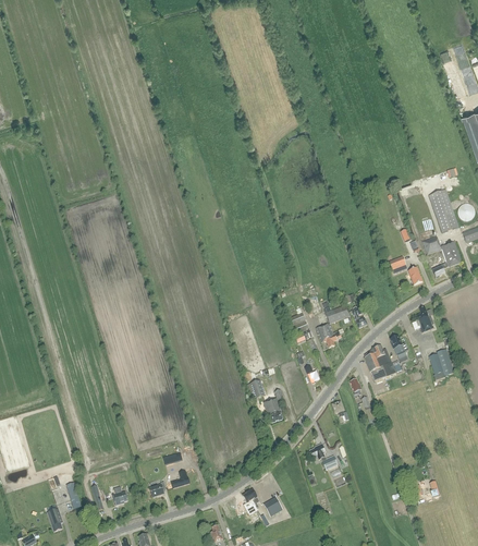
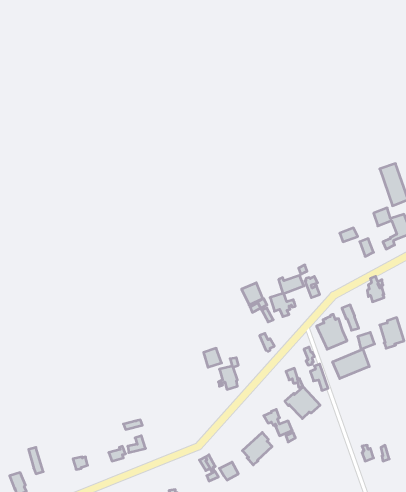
building: none -> [333,349,369,379]
building: none -> [285,387,320,419]
building: none -> [242,432,272,465]

